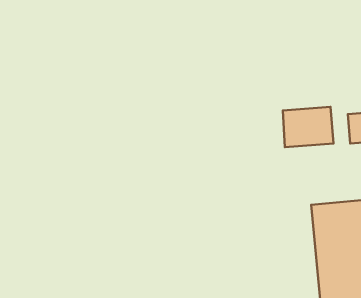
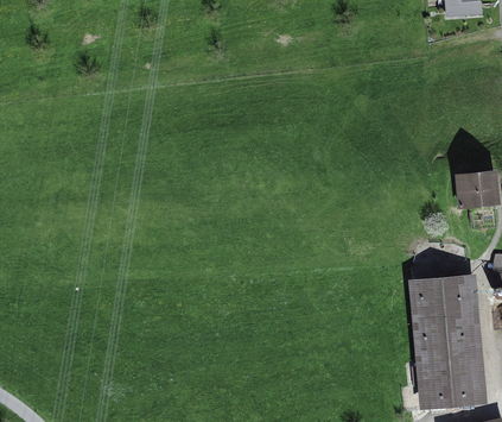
building: [283,107,334,147] -> none

